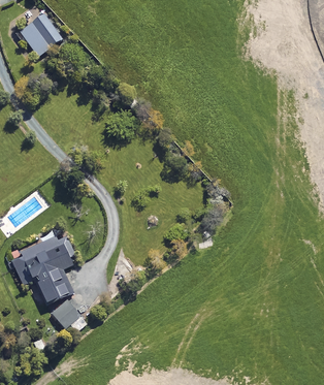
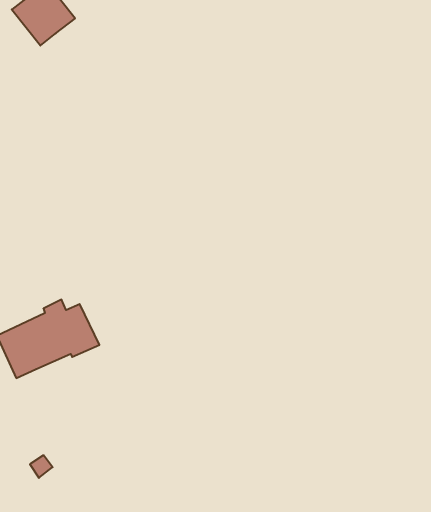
building: [36,267,71,302] -> none
building: [52,299,80,328] -> none

